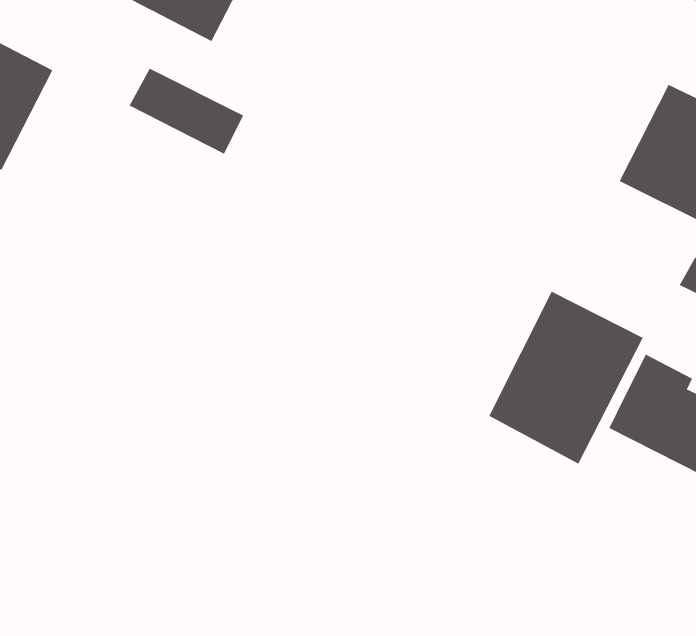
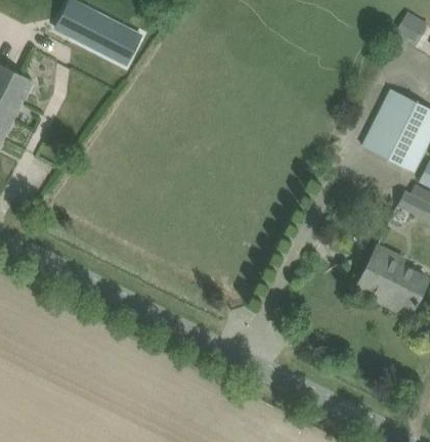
building: [129,68,244,154] -> none
building: [488,291,643,464] -> none

